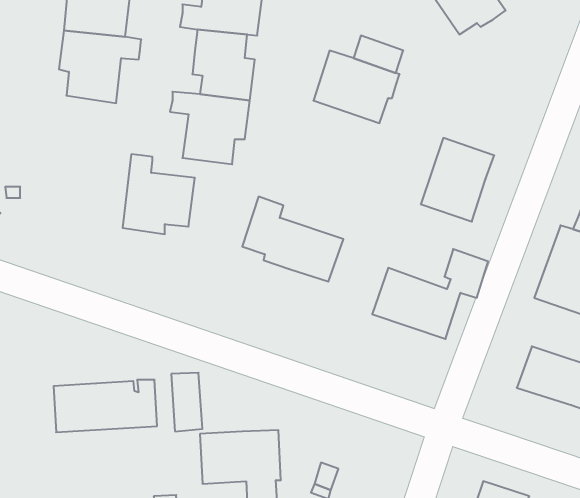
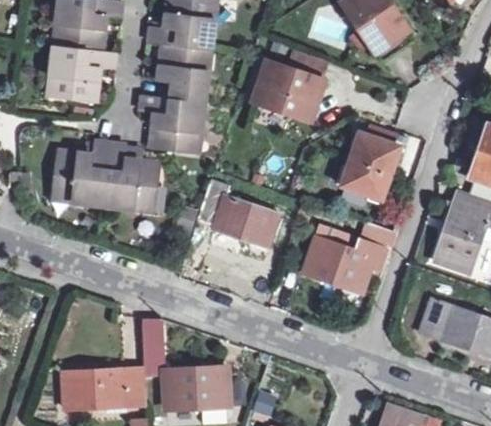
building: none -> [52,143,109,204]
building: [54,380,157,432] -> [63,369,146,411]

